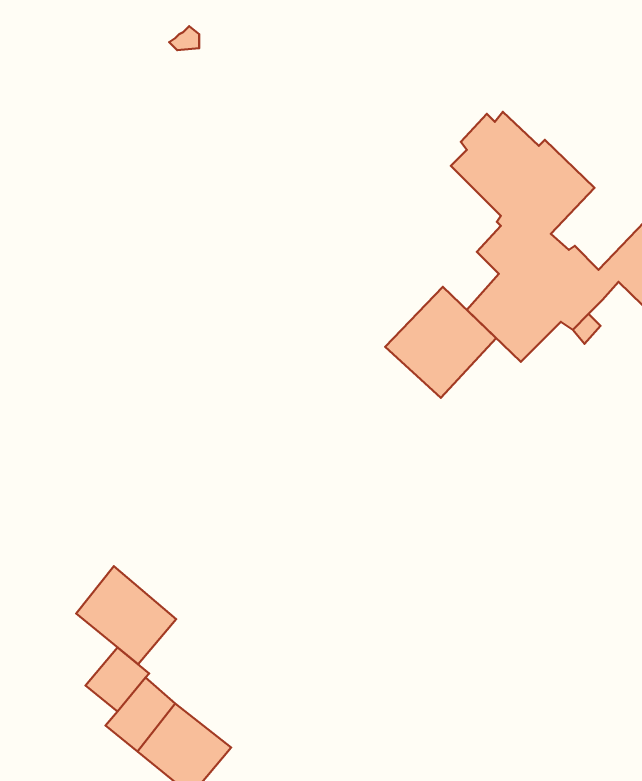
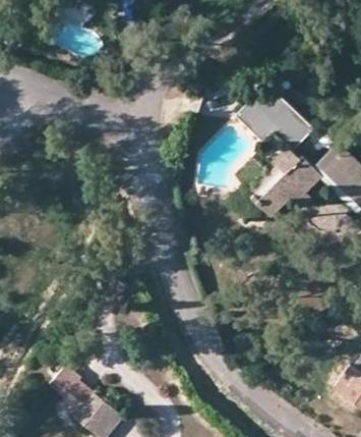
building: [385,287,496,398] -> none
building: [76,566,176,664] -> none

